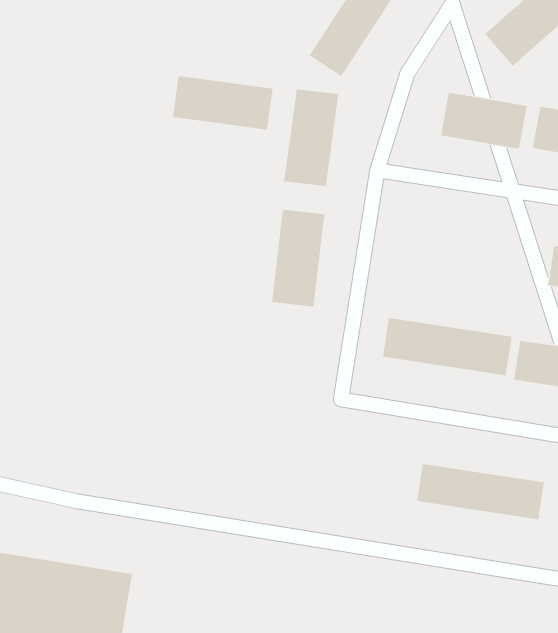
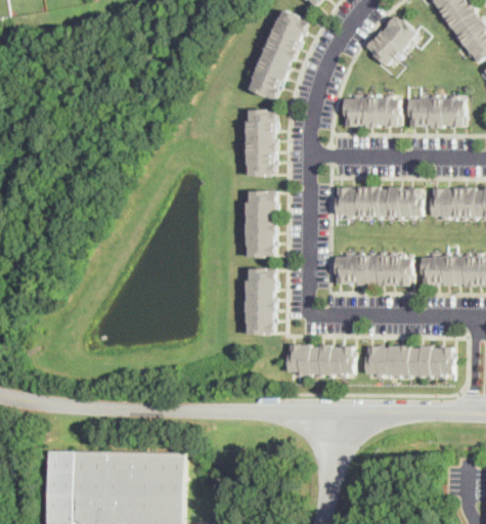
building: [172,75,273,130] -> none
building: none -> [336,189,422,217]
building: none -> [244,269,275,334]
building: none -> [291,345,355,377]

